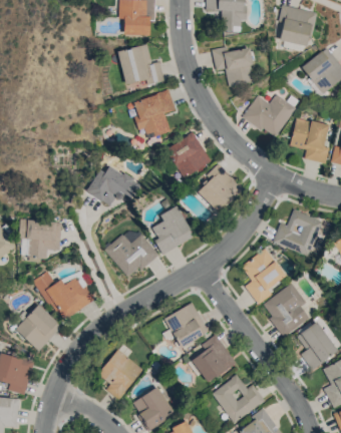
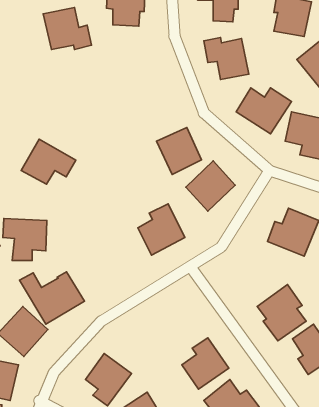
building: [117,44,163,84] -> [43,8,91,49]
building: [133,90,175,138] -> none
building: [88,163,140,206] -> [21,139,76,184]
building: [104,230,158,279] -> none
building: [242,249,286,305] -> none
building: [164,303,209,348] -> none

